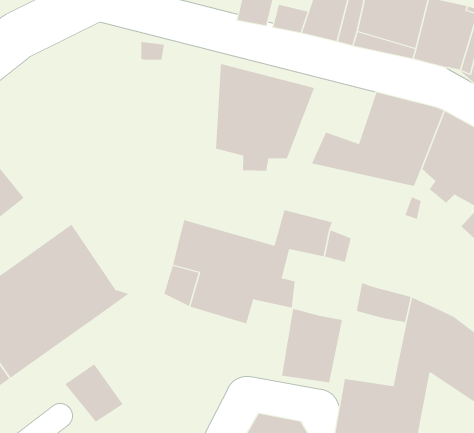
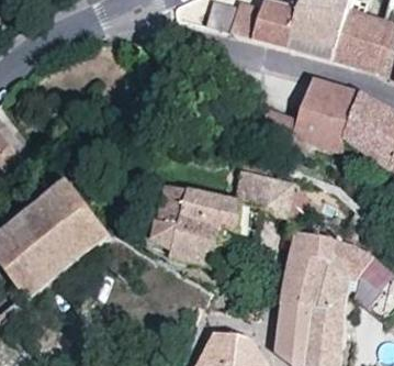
building: [216,63,315,172] -> none
building: [281,308,343,383] -> [283,249,330,307]
building: [64,364,123,423] -> none

